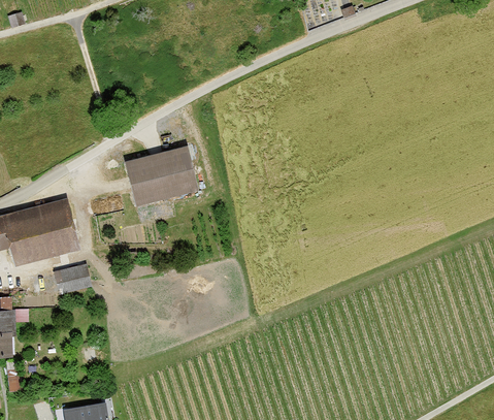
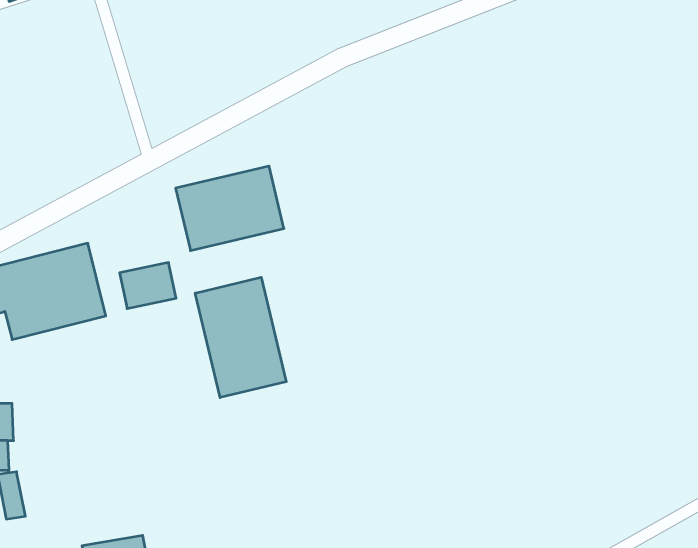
building: none -> [195,277,286,398]
building: [53,264,92,296] -> [120,263,176,309]

